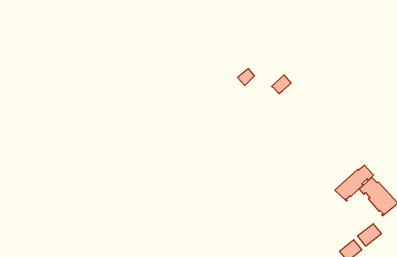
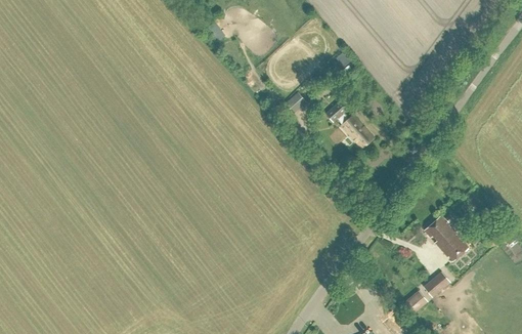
building: none -> [340,114,375,150]
building: [335,165,374,201] -> none

